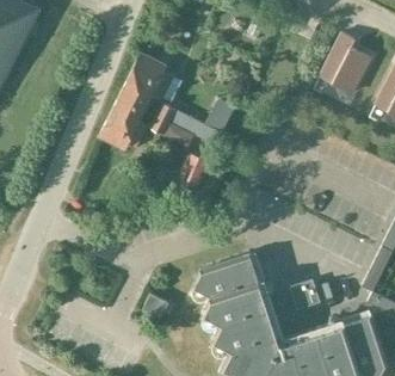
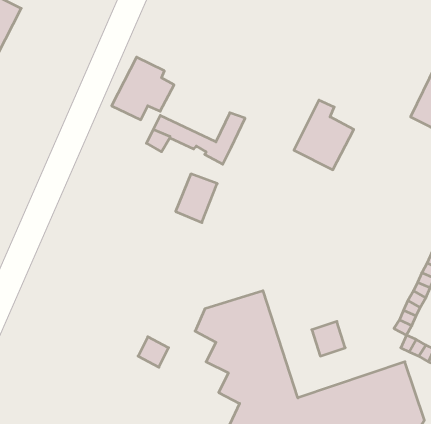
building: [320,32,371,92] -> [294,100,354,170]
building: [99,94,147,148] -> none

